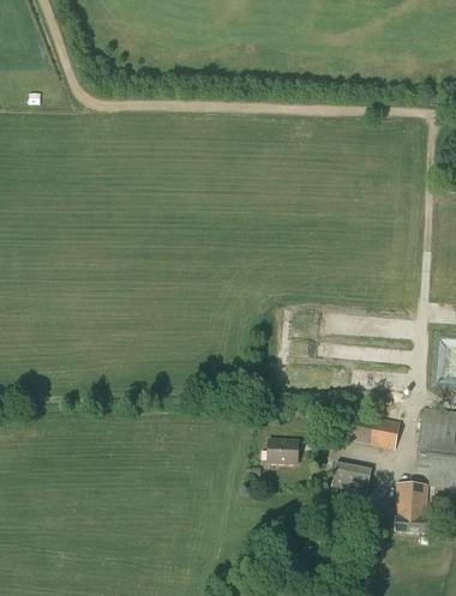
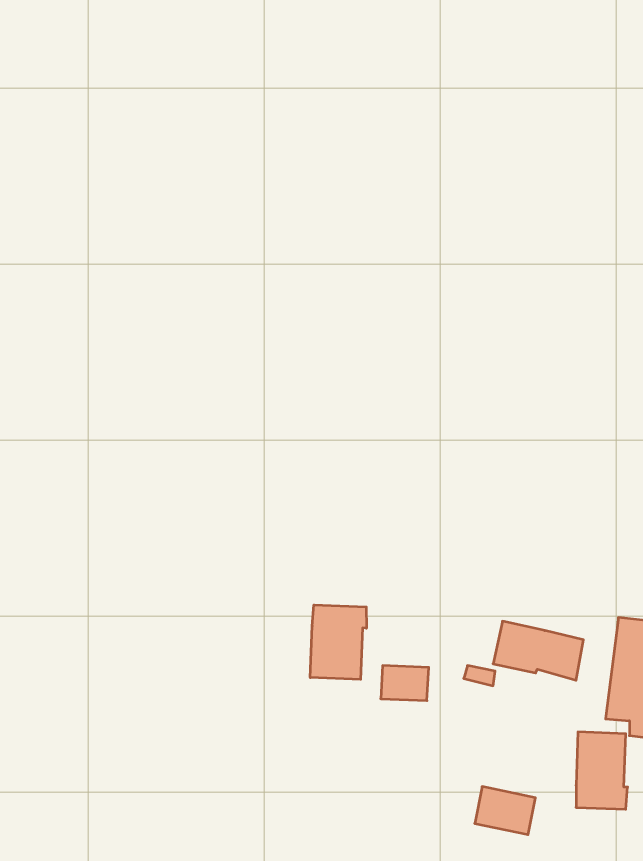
building: none -> [310,605,366,679]
building: [331,462,371,493] -> [475,787,535,835]

